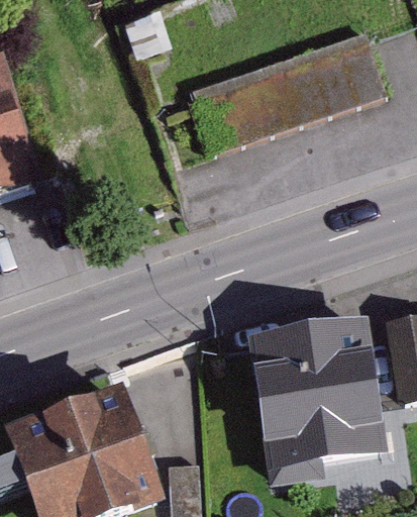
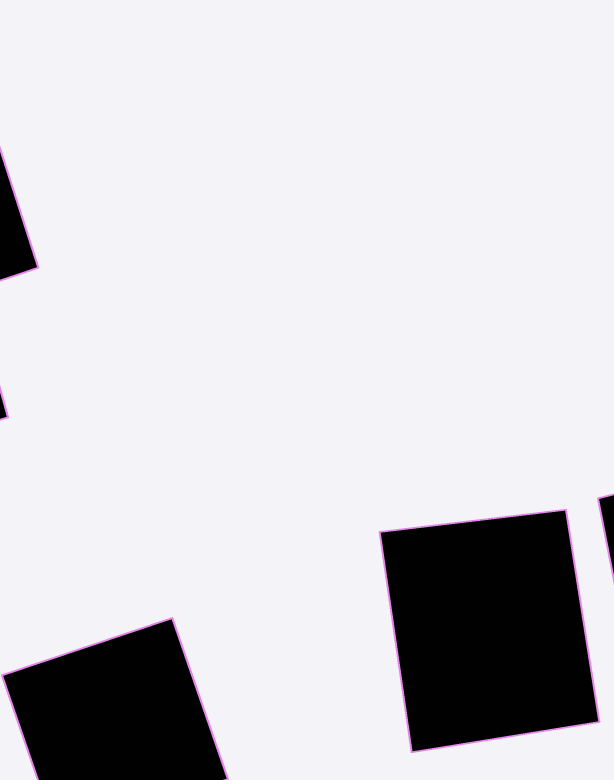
building: [196,32,386,145] -> none

